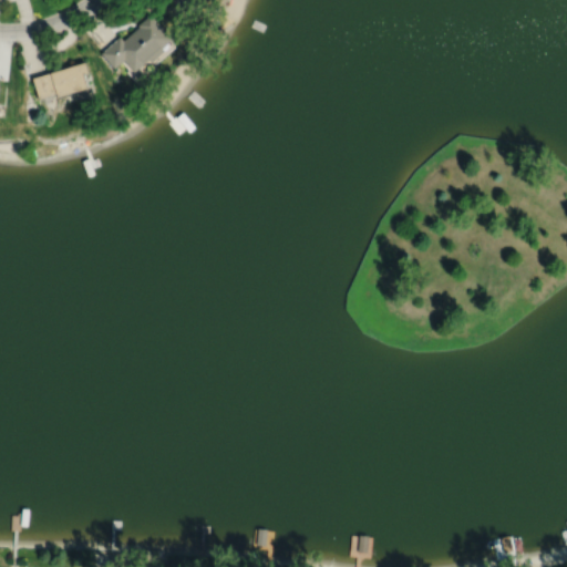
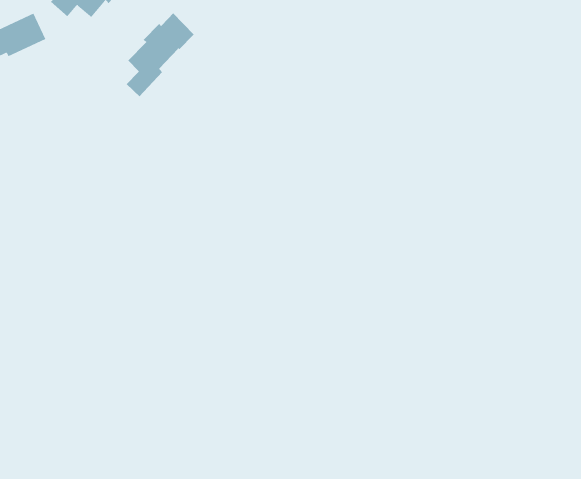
building: none -> [126,13,194,97]

